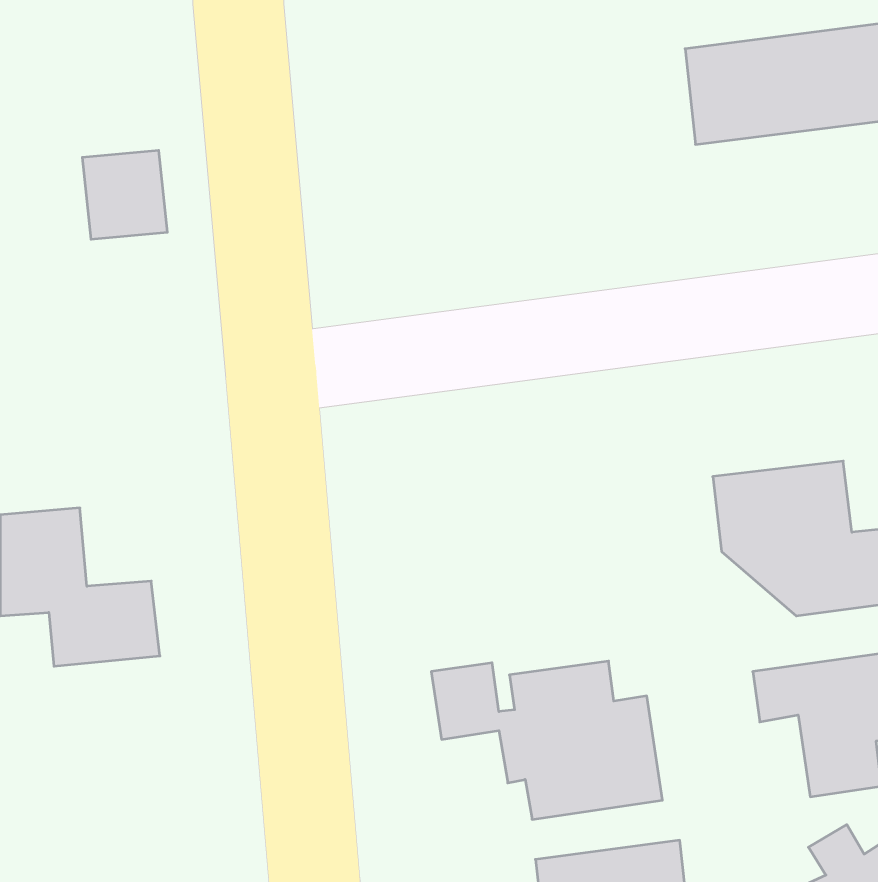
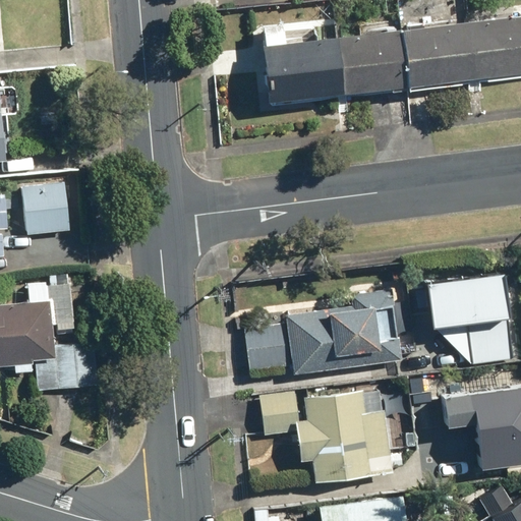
building: none -> [265,32,409,104]
building: [82,150,167,239] -> [21,183,71,235]
building: none -> [244,290,403,377]

